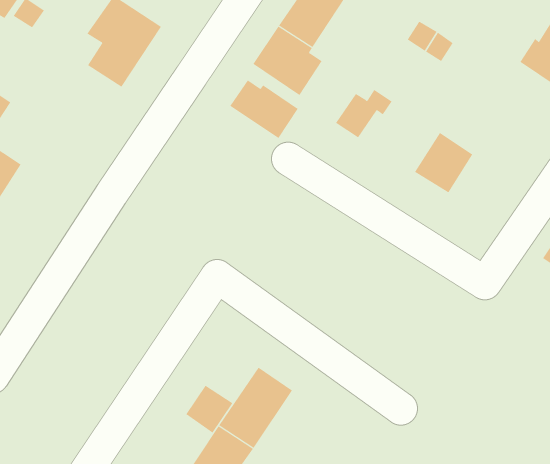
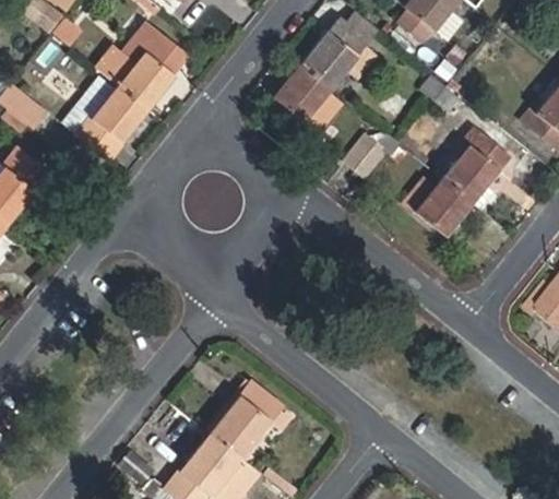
building: none -> [67,71,150,161]
building: none -> [443,126,510,202]
building: [229,80,299,139] -> none
building: [185,385,233,434] -> none

